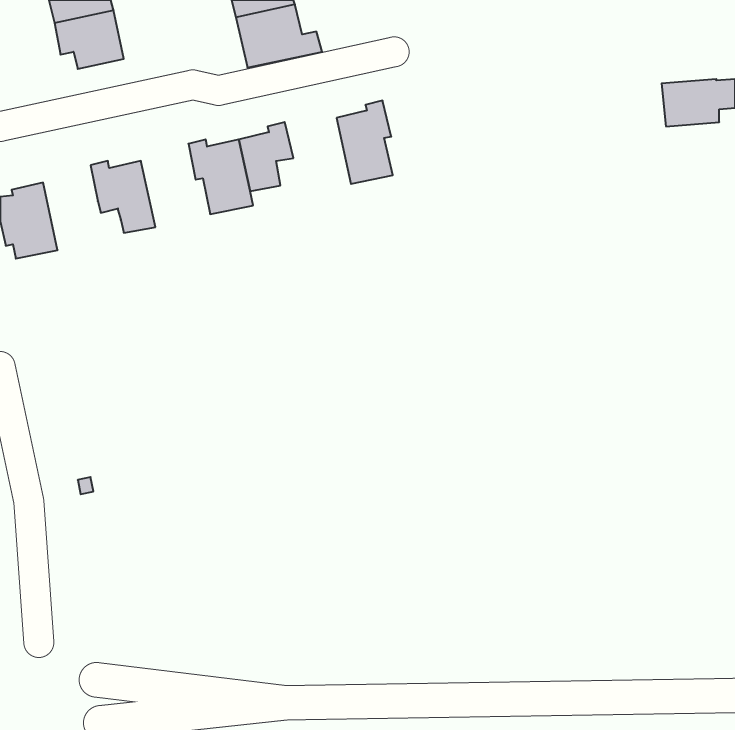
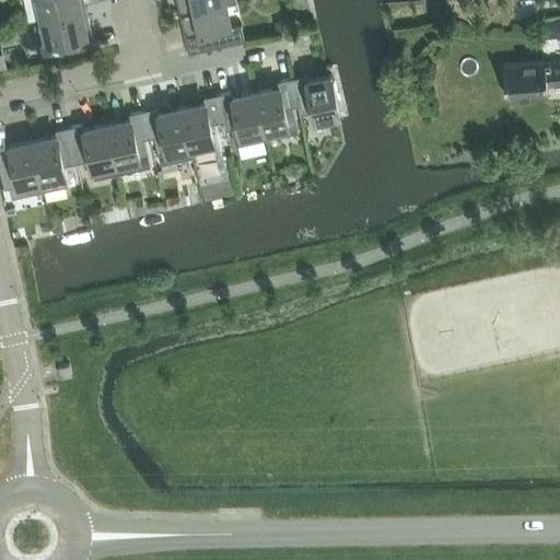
building: none -> [291,77,339,121]
building: none -> [217,93,267,151]
building: none -> [107,113,150,176]
building: none -> [33,129,74,194]

